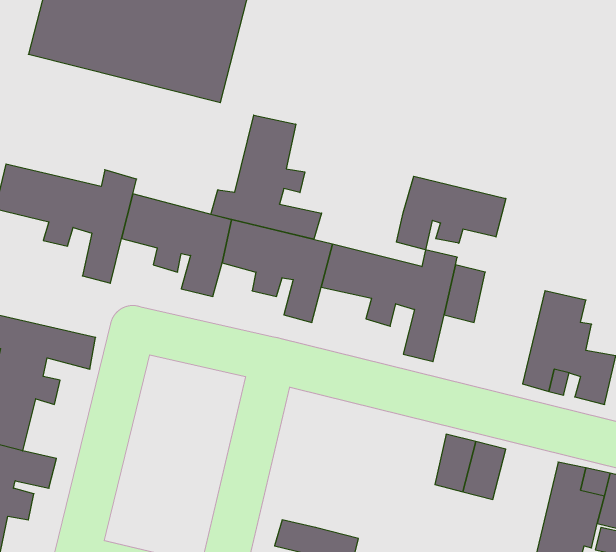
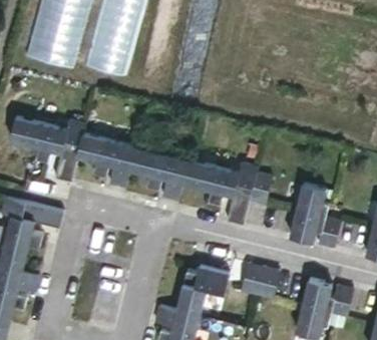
building: [211,115,322,239] -> none
building: [396,176,506,250] -> none
building: none -> [179,266,232,318]

